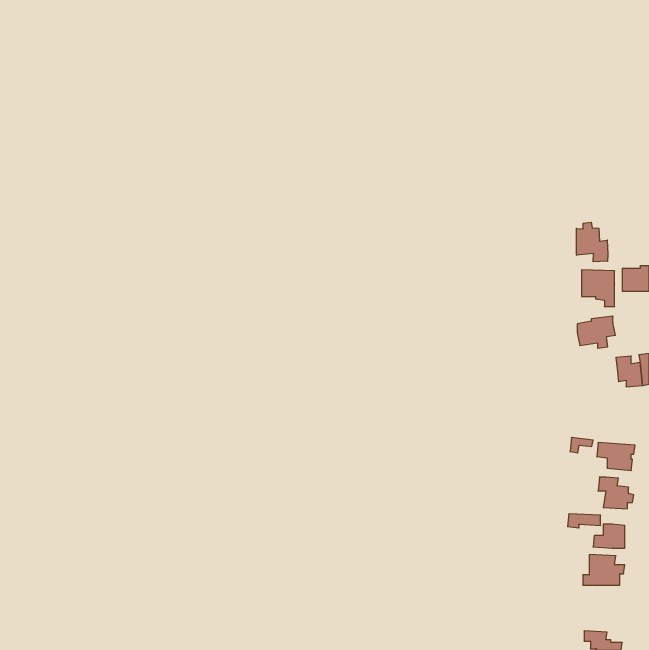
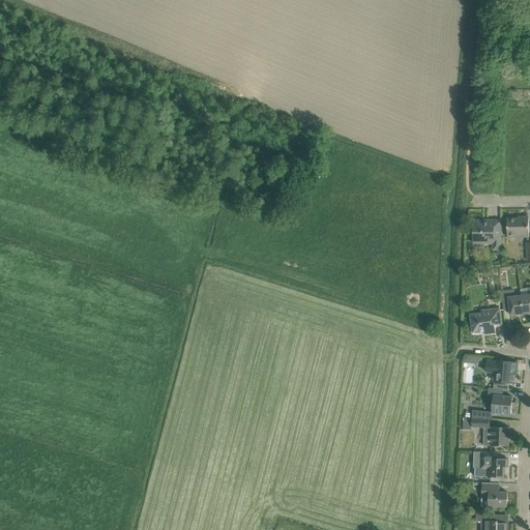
building: [577,222,608,262] -> none
building: [577,316,615,348] -> [470,308,501,334]
building: none -> [481,482,506,507]

